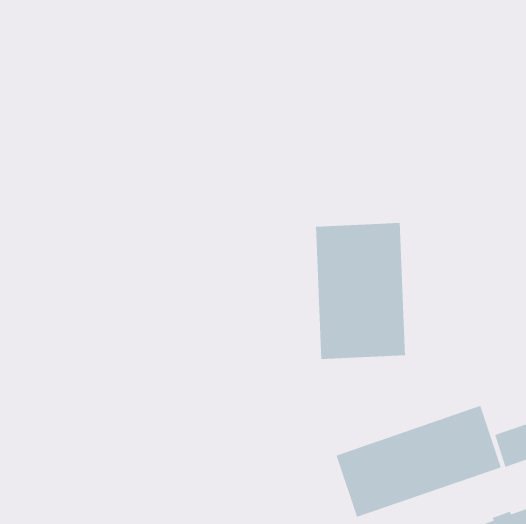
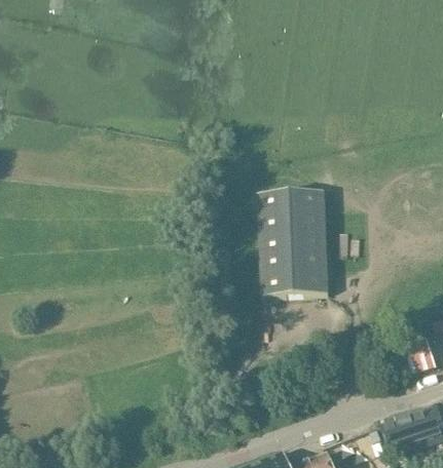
building: [336,405,502,518] -> none

